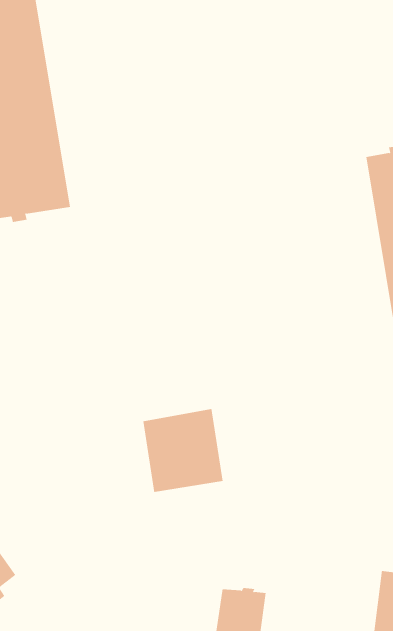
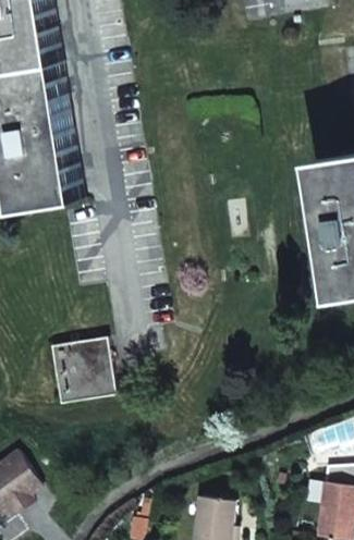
building: [142,409,223,492] -> [48,339,111,404]

